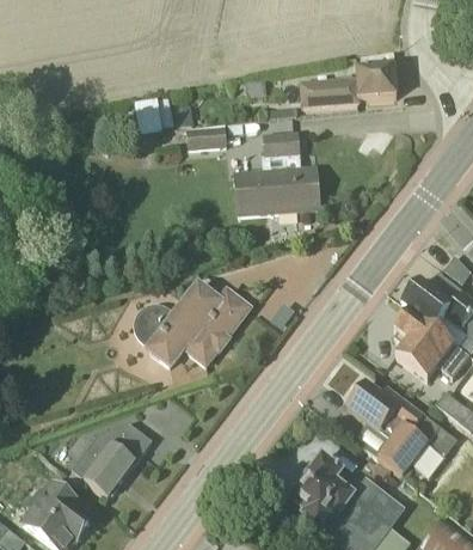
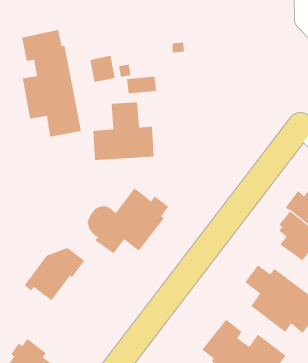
building: none -> [21,29,81,138]
building: [301,63,397,105] -> none
building: [235,133,320,213] -> [92,102,155,160]
building: [69,424,153,497] -> [24,248,85,301]

